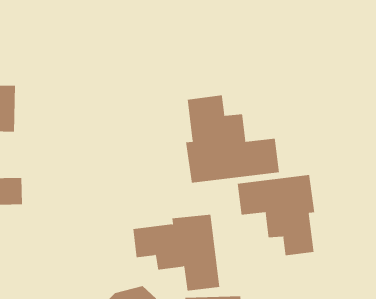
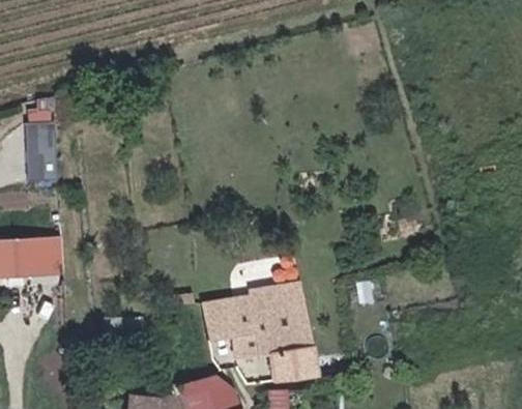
building: [185,94,279,184] -> none
building: [237,174,315,256] -> none

